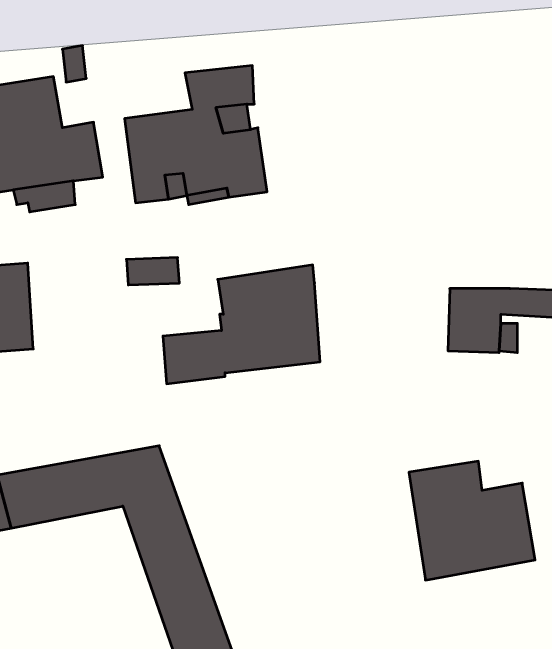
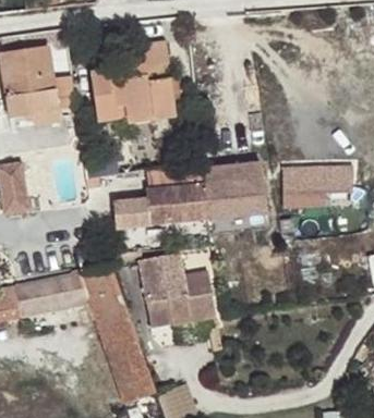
building: none -> [203,164,265,217]
building: [409,461,535,580] -> [138,255,214,325]

